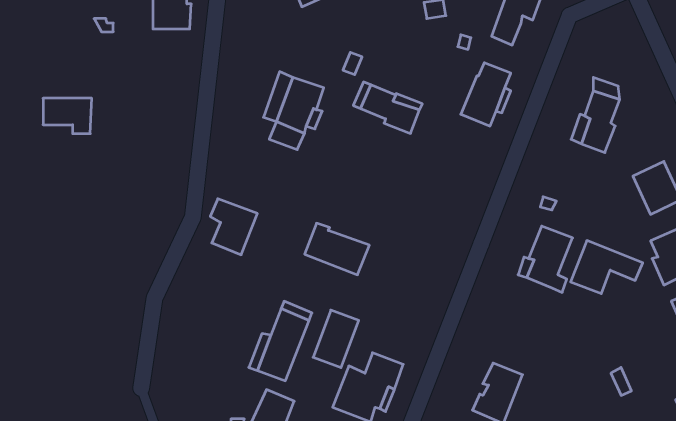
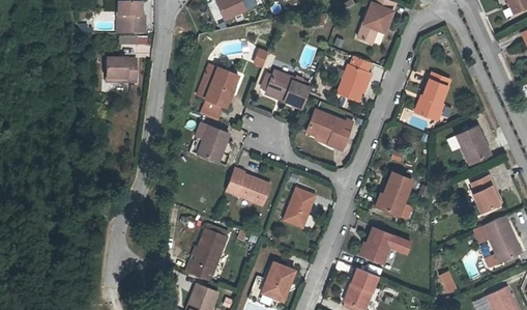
building: [43,98,92,134] -> [105,60,139,85]
building: none -> [304,109,349,146]
building: [210,199,257,255] -> [194,125,227,165]
building: [571,241,643,294] -> [361,227,412,264]
building: [313,310,359,368] -> [282,187,314,227]

